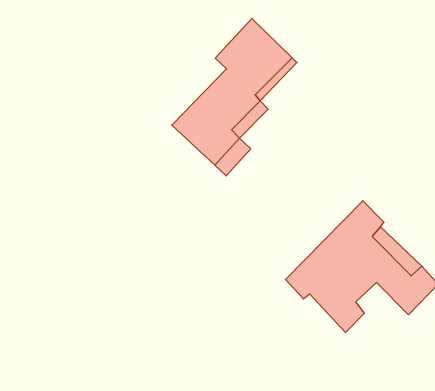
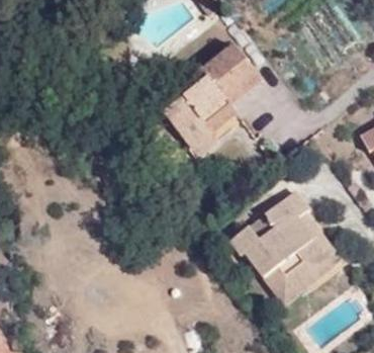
building: none -> [268,252,316,305]

